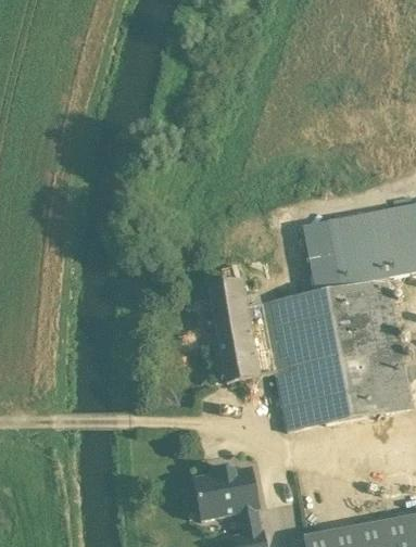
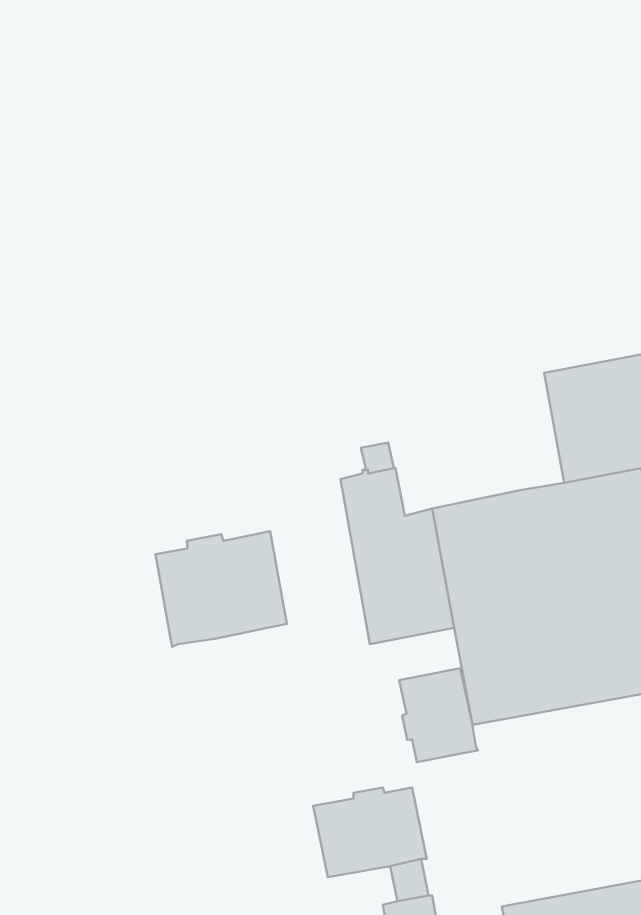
building: [302,221,341,291] -> none
building: none -> [155,531,287,647]
building: none -> [399,668,478,762]

